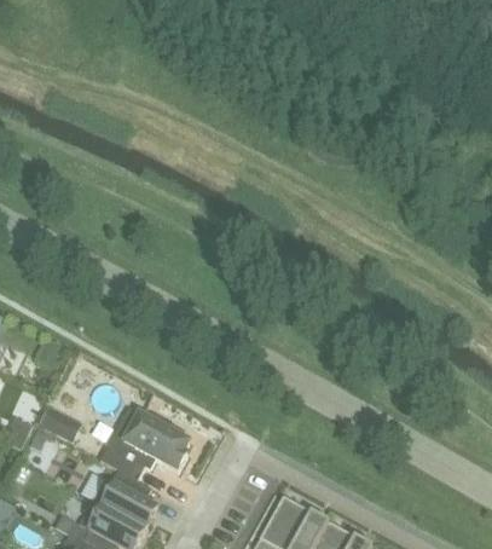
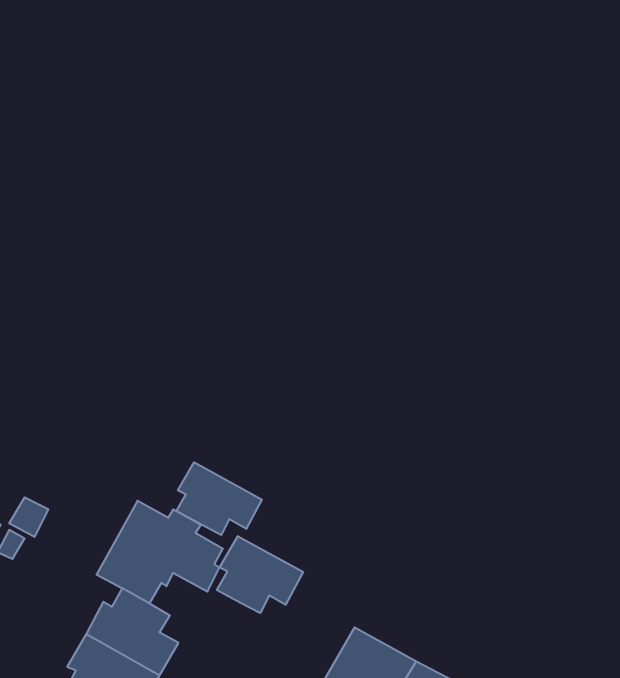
building: none -> [177,462,262,535]
building: none -> [217,536,303,613]

